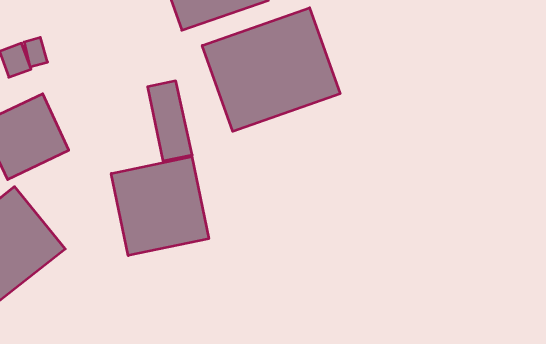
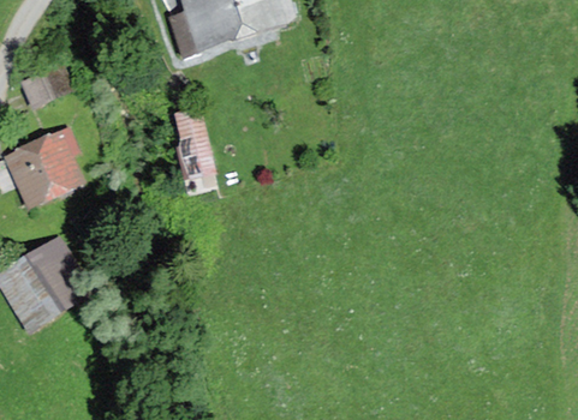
building: [202,8,340,131] -> none
building: [111,157,209,256] -> none

